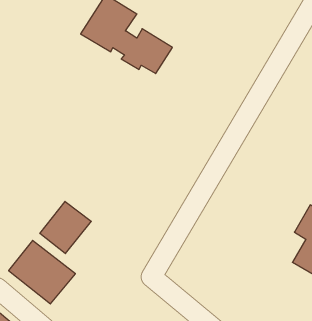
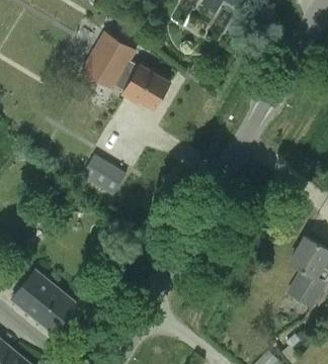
building: none -> [81,153,127,194]
building: [40,201,91,254] -> none

